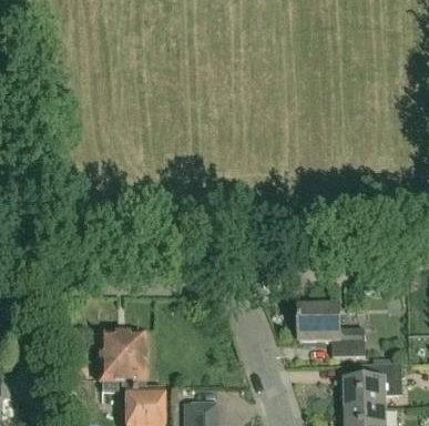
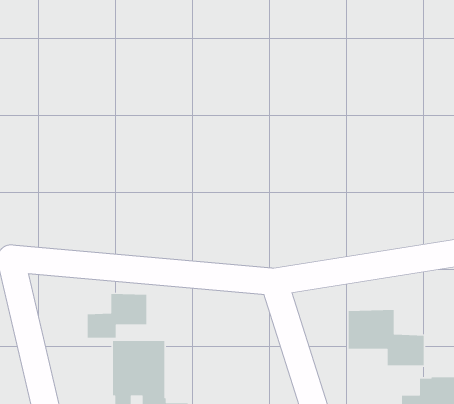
building: none -> [87,293,147,339]

